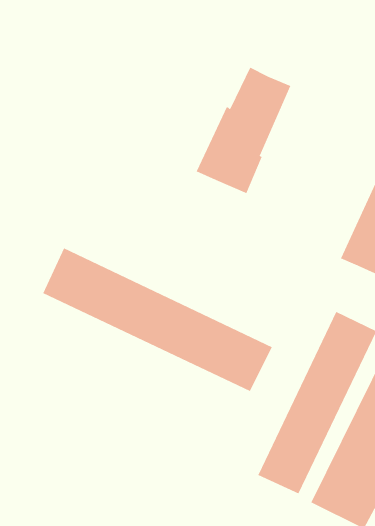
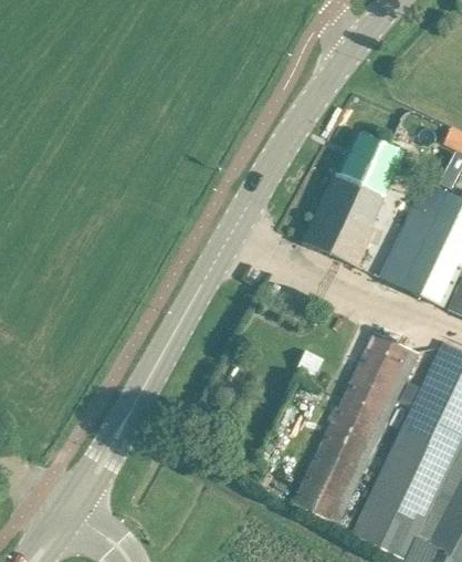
building: [196,67,291,194] -> [304,133,403,266]
building: [42,247,273,392] -> none

